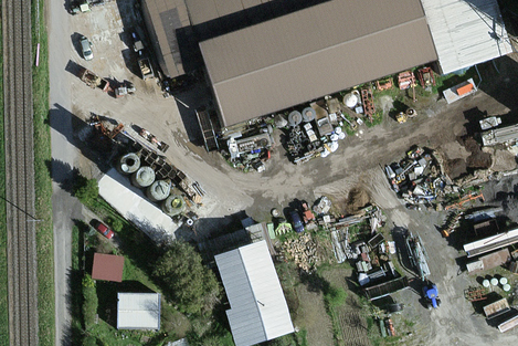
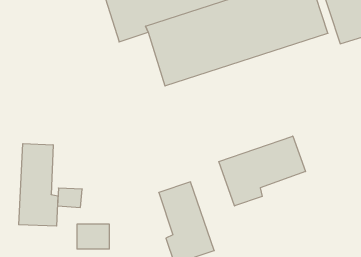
building: none -> [219,136,305,206]
building: none -> [19,144,58,226]

